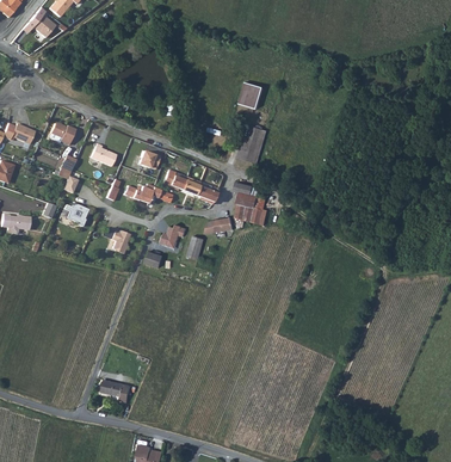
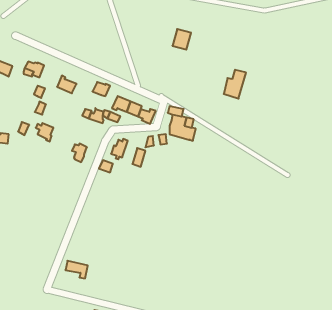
building: [237,125,266,162] -> [224,70,246,99]

